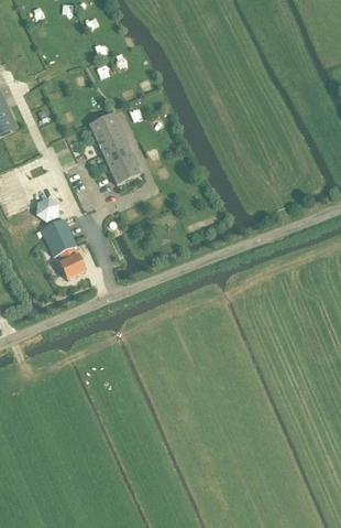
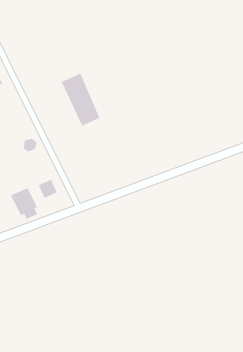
building: [41,218,77,260] -> [10,188,38,219]

